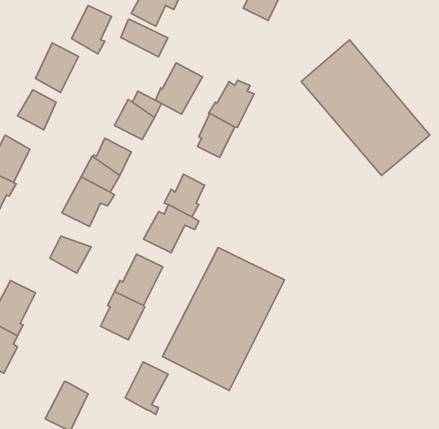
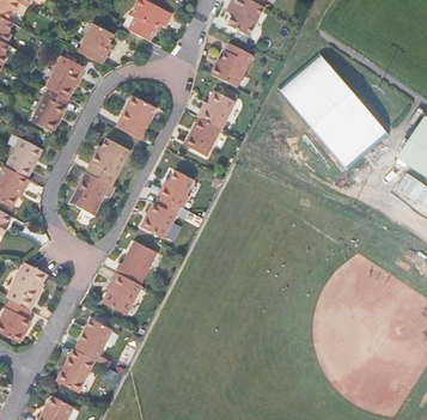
building: [121,19,168,57] -> none
building: [155,63,202,114] -> [212,41,252,85]
building: [50,236,91,273] -> none
building: [163,247,284,390] -> none
building: [125,362,168,414] -> [74,317,111,363]

